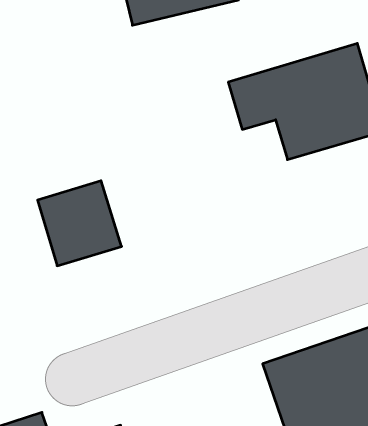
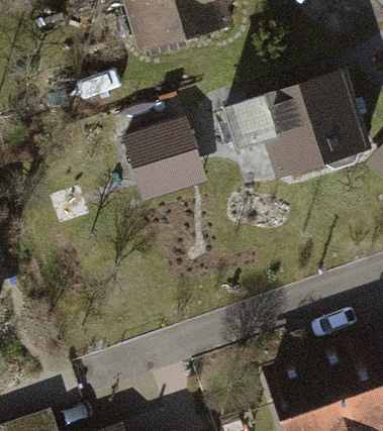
building: [38,181,122,266] -> [126,120,205,200]

